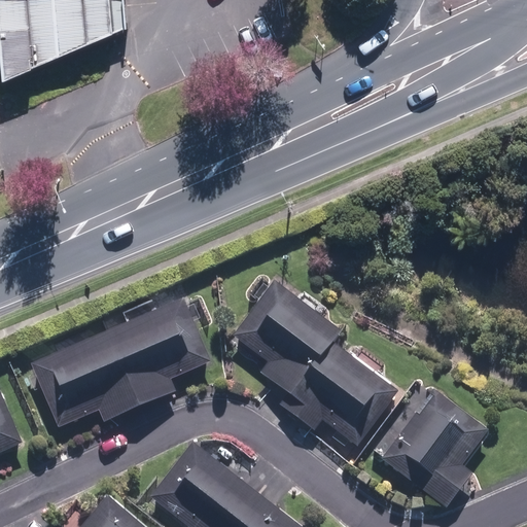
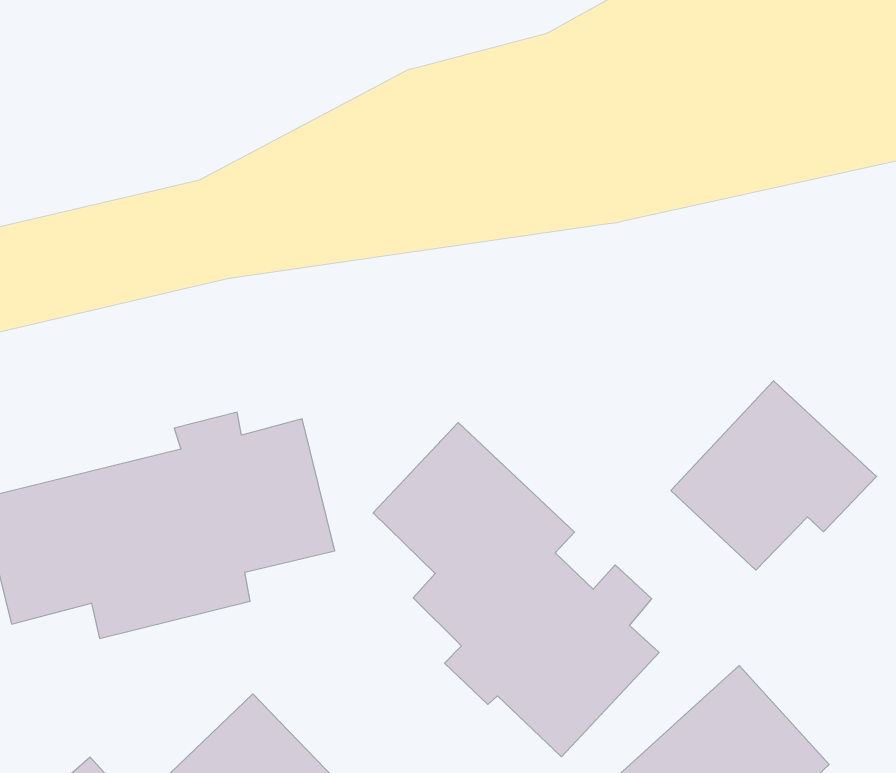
building: none -> [671,381,877,570]

